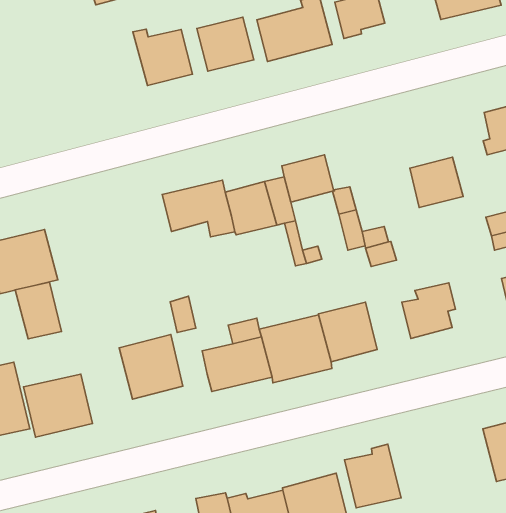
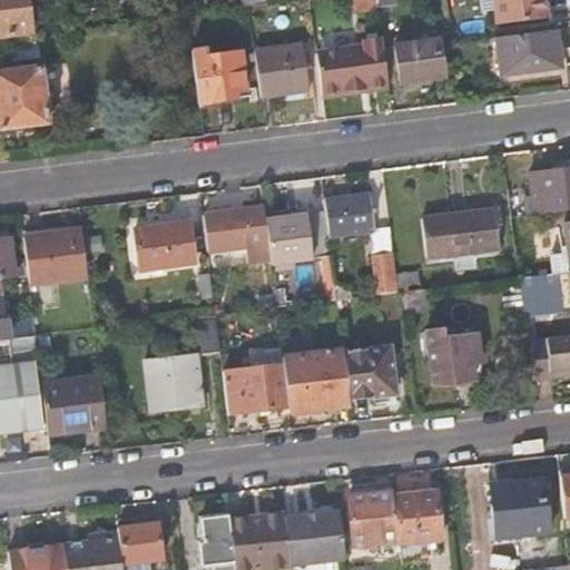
building: none -> [421,216,455,259]
building: none -> [136,222,196,268]
building: [15,282,62,339] -> none
building: none -> [396,490,442,542]

